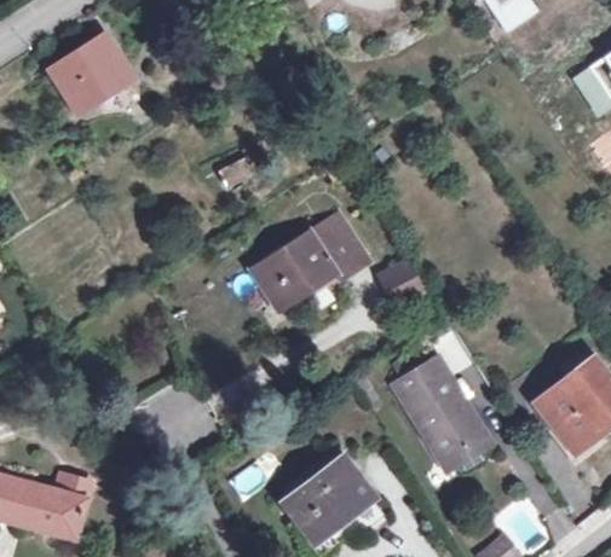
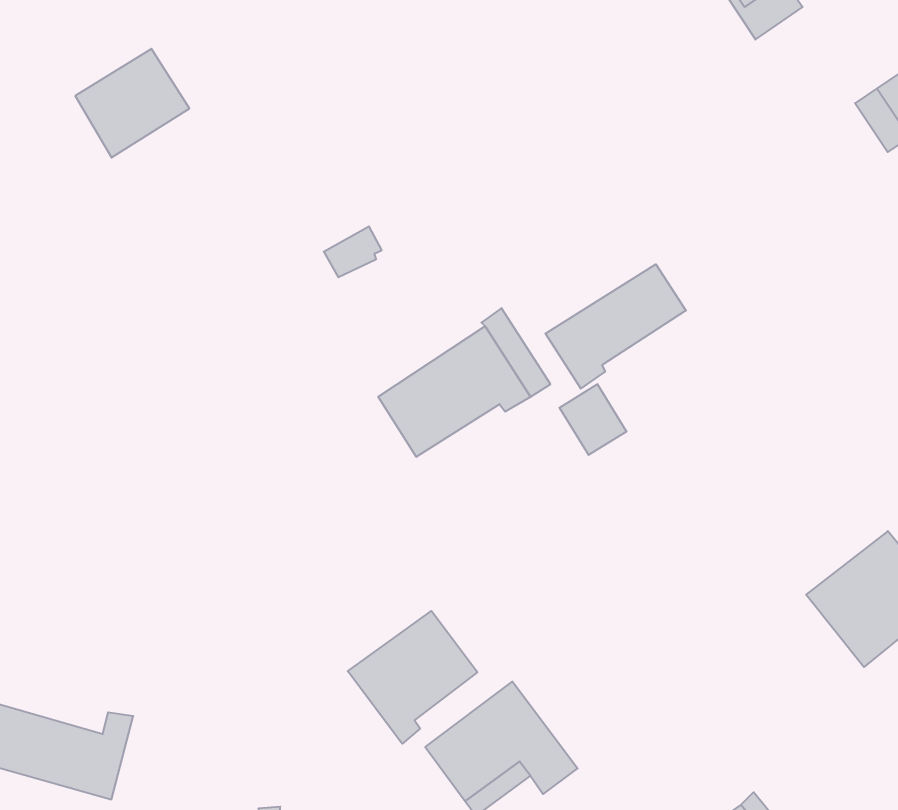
building: none -> [545,264,686,389]
building: [394,358,488,468] -> none
building: none -> [348,611,477,744]

